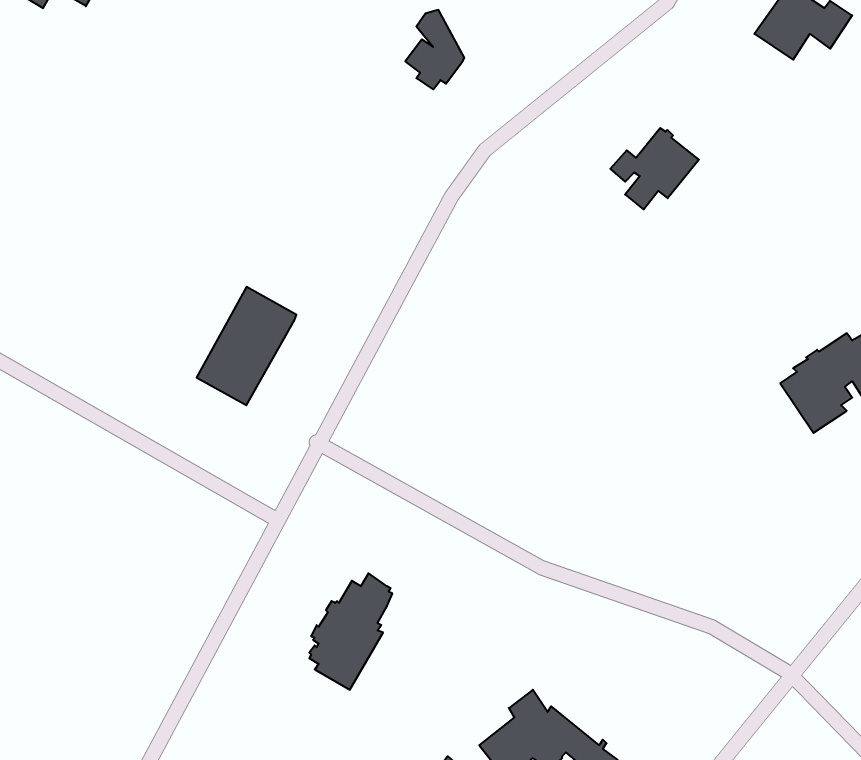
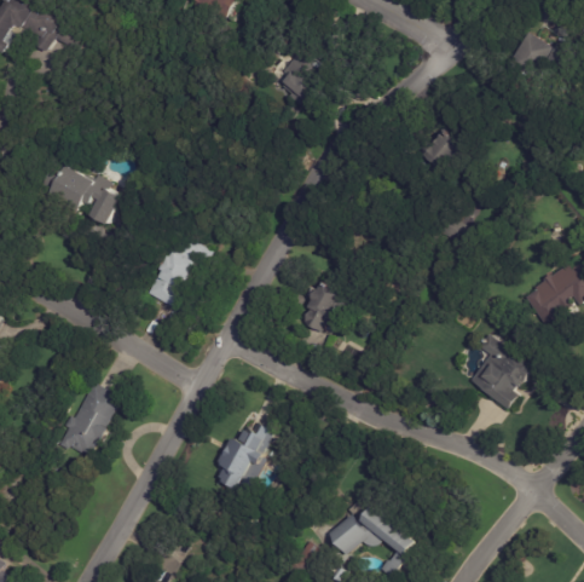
building: none -> [39,159,121,223]
building: none -> [302,281,354,330]
building: none -> [470,333,537,409]
building: none -> [54,381,118,456]

